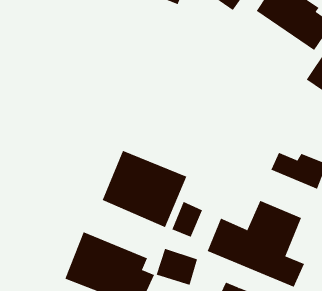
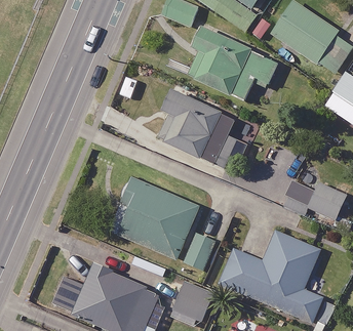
building: none -> [188,28,278,101]
building: none -> [157,88,246,168]

